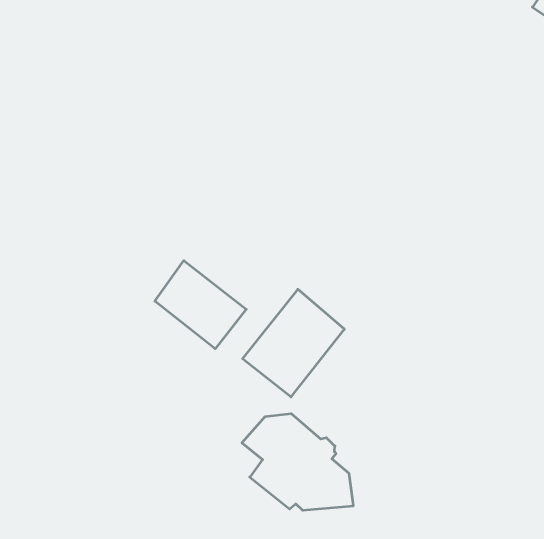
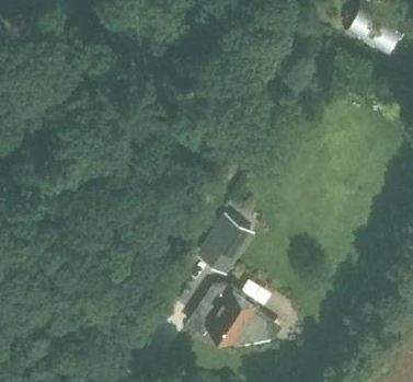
building: [155,261,246,349] -> none

